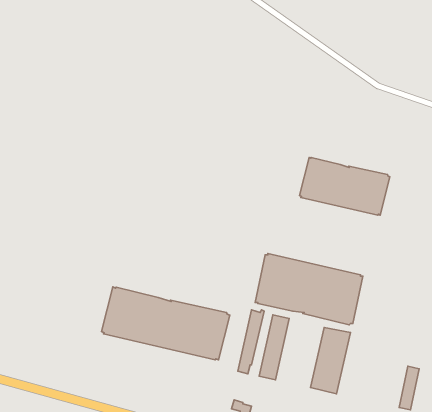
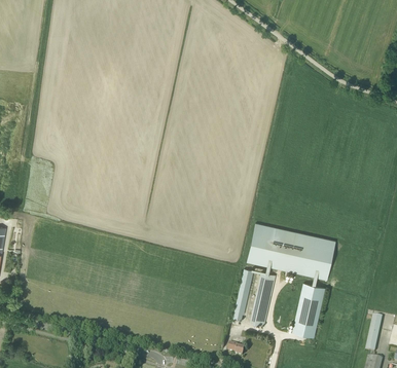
building: [299,157,390,215] -> none
building: [101,287,230,360] -> none

